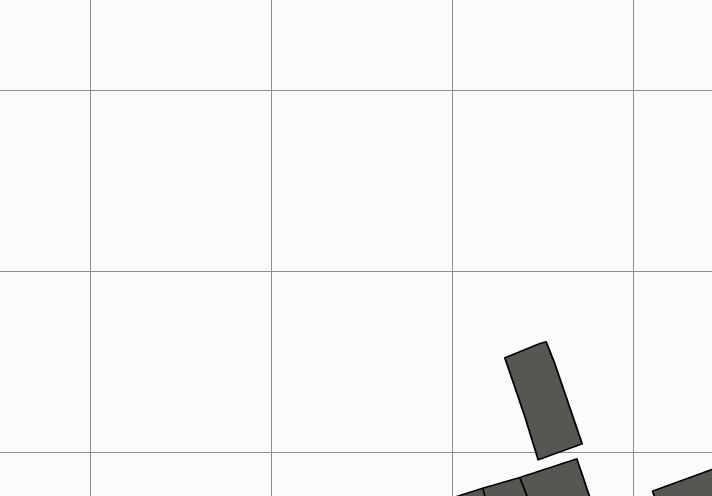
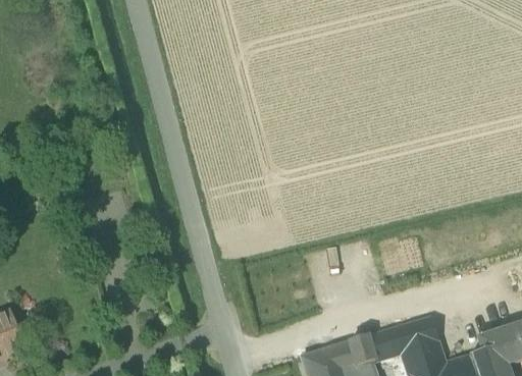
building: [505,342,582,460] -> none

